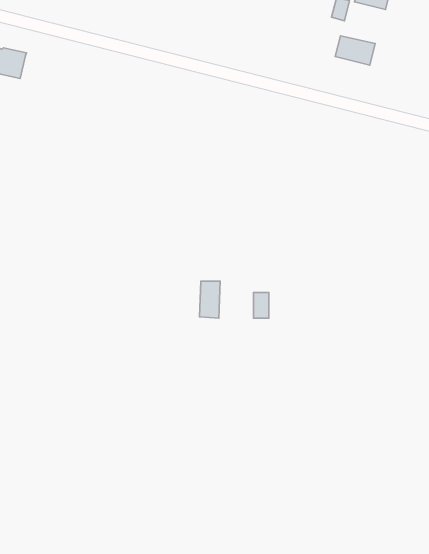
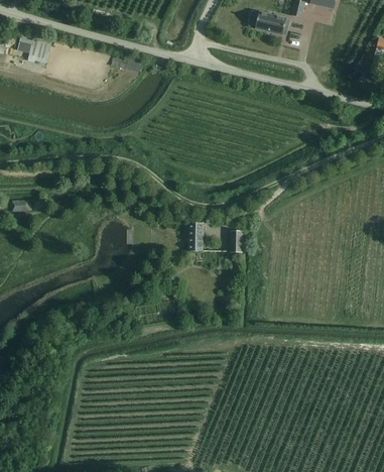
building: [335,36,375,65] -> [255,12,286,35]

